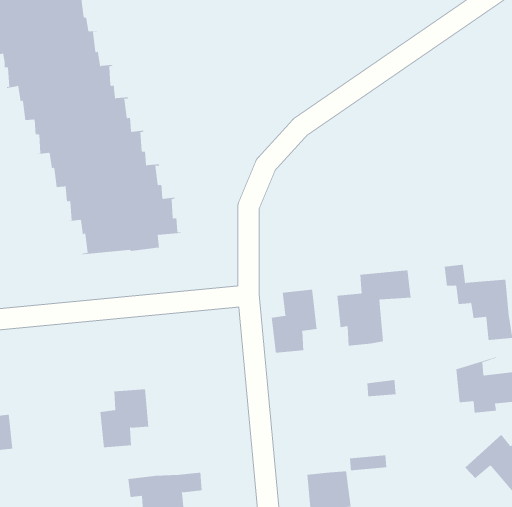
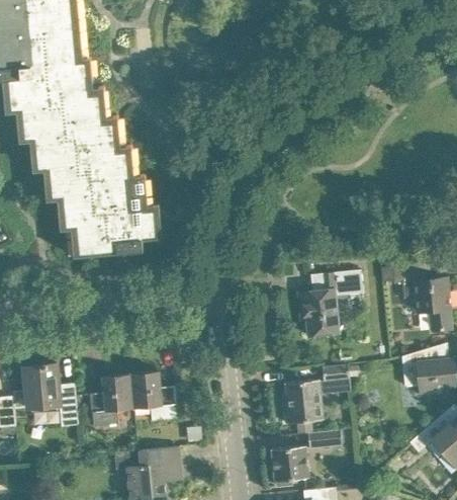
building: [271,289,317,353] -> none
building: none -> [22,364,77,429]
building: none -> [129,371,175,421]
building: none -> [282,380,324,424]

